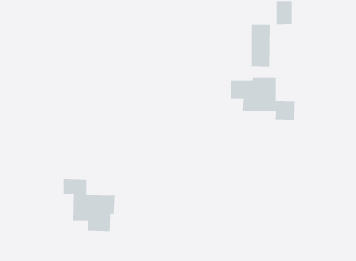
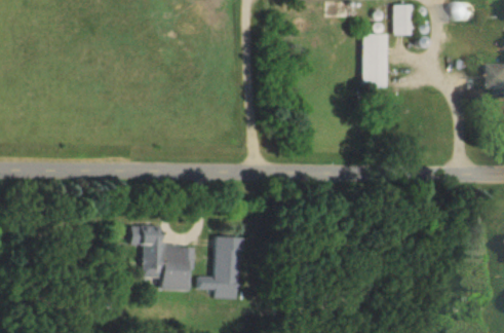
building: [230,77,295,121] -> none
building: none -> [199,236,240,298]

